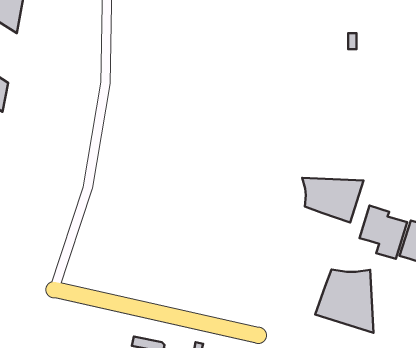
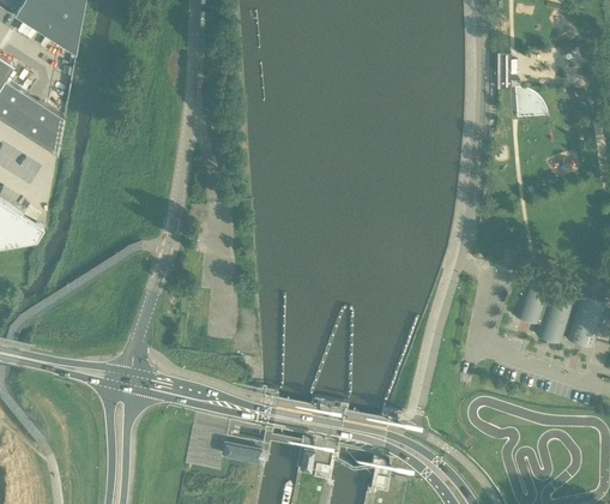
building: [302,178,364,222] -> none
building: [315,269,374,333] -> none

